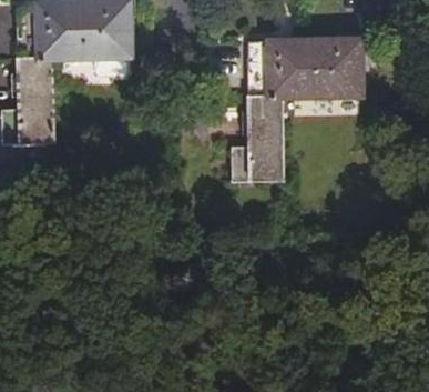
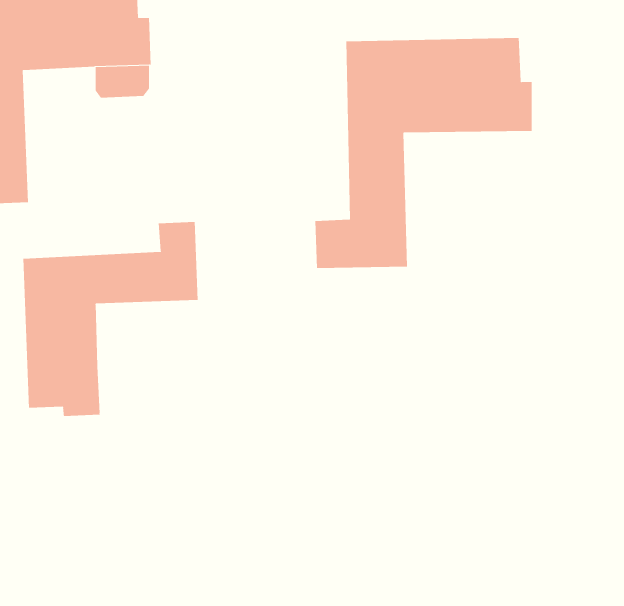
building: none -> [23,221,198,417]

